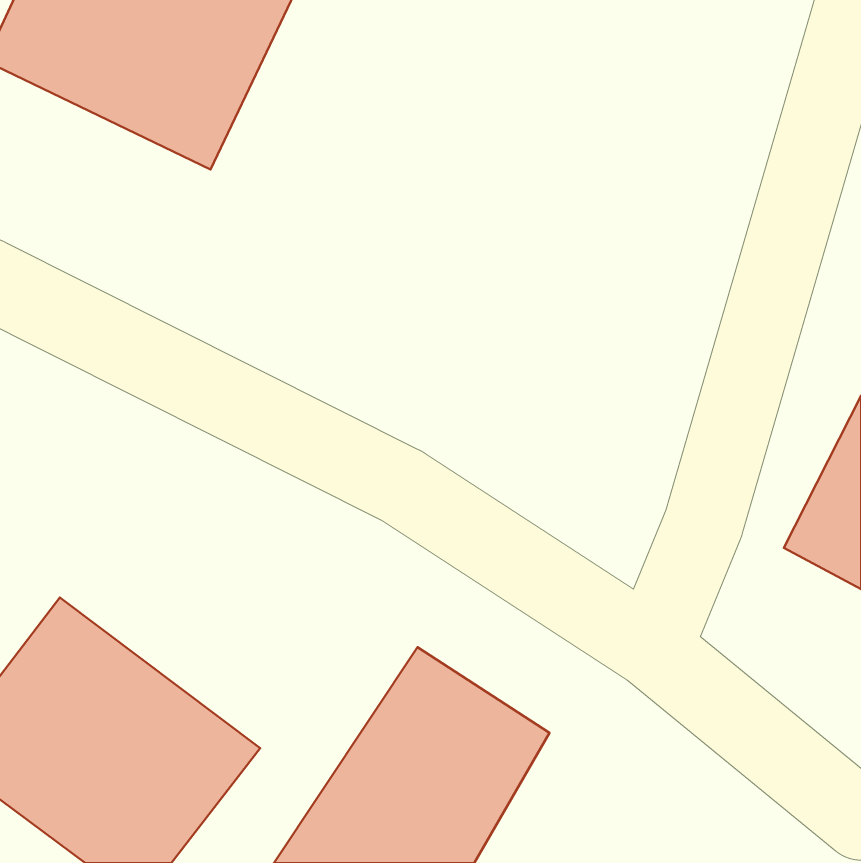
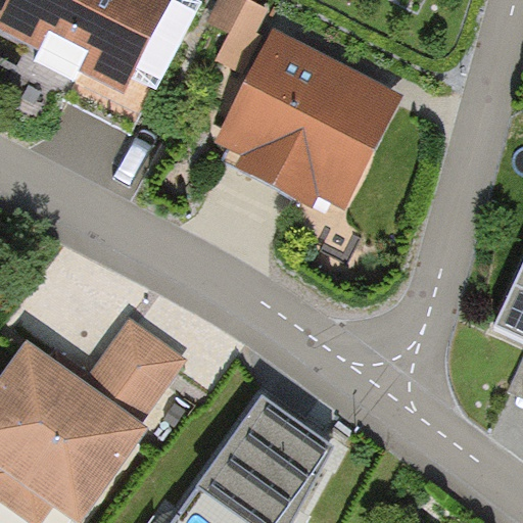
building: none -> [216,43,401,216]
building: none -> [92,308,185,400]

